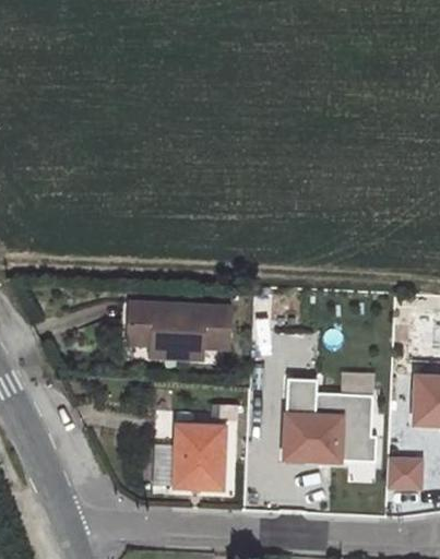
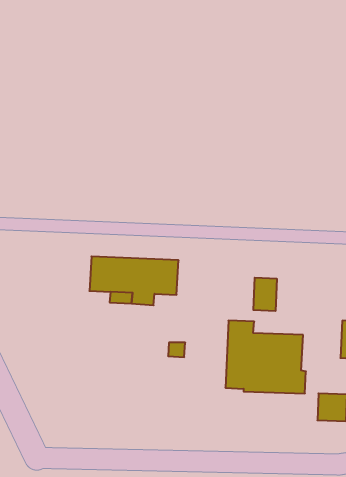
building: none -> [253,278,277,311]
building: [152,426,226,489] -> none

